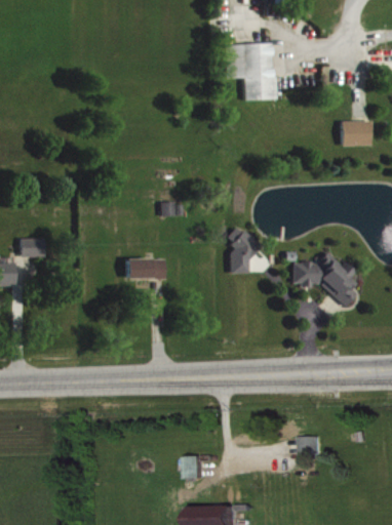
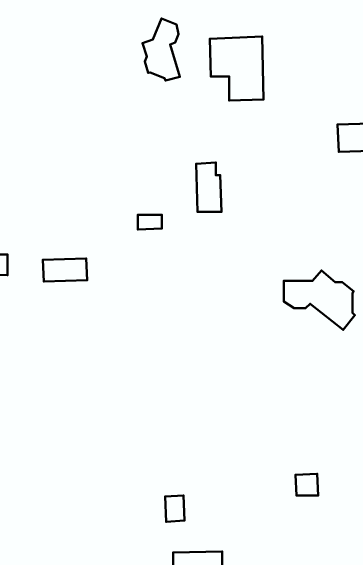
building: none -> [143,18,180,81]
building: [231,230,253,274] -> [196,163,221,212]
building: [126,258,166,279] -> [43,259,87,281]

